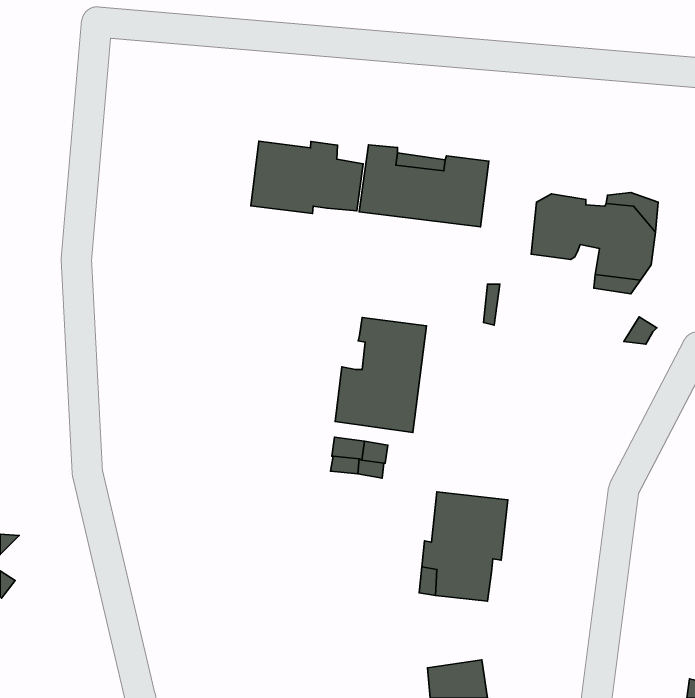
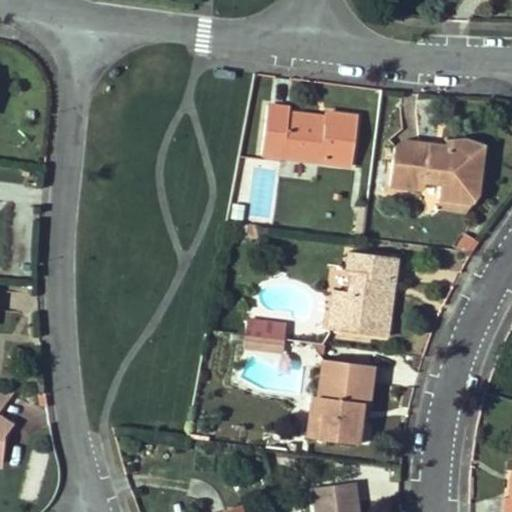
building: [251,141,363,214] -> none
building: [335,318,427,432] -> [331,251,398,335]

